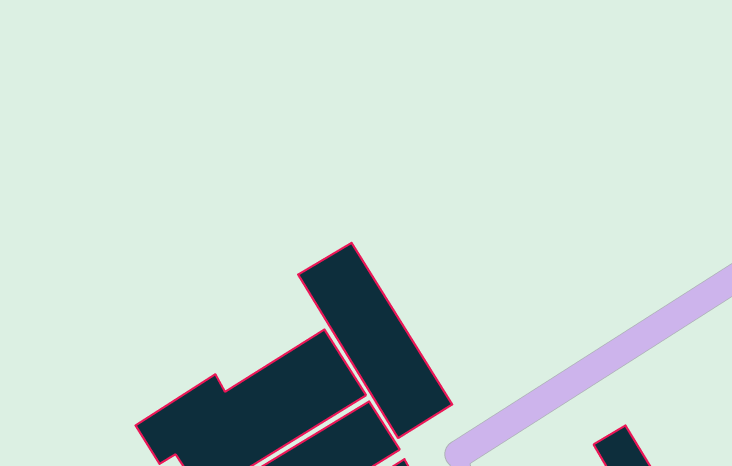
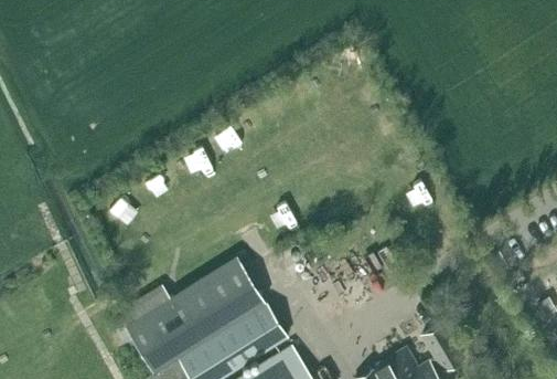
building: [298,243,452,438] -> none

